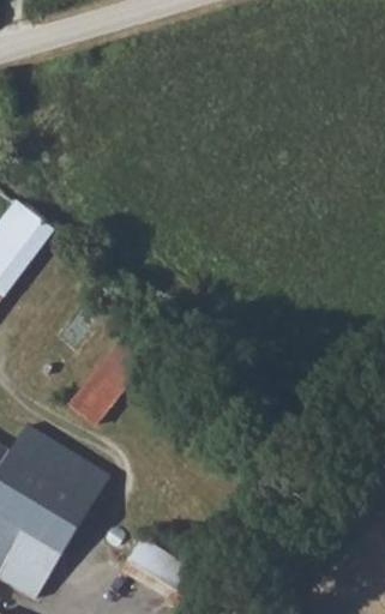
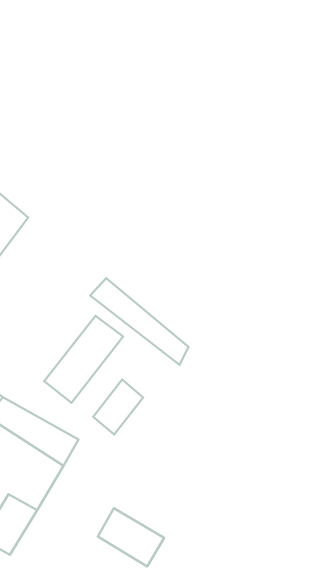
building: none -> [90,278,189,365]
building: none -> [93,379,143,435]

